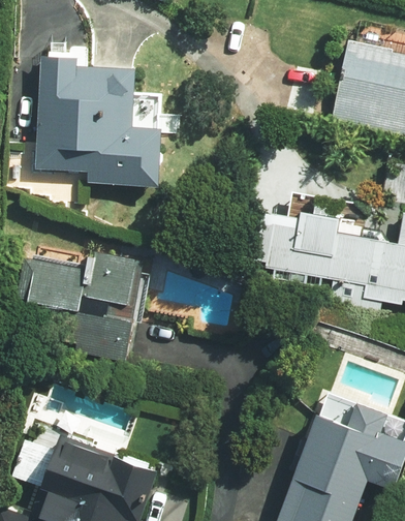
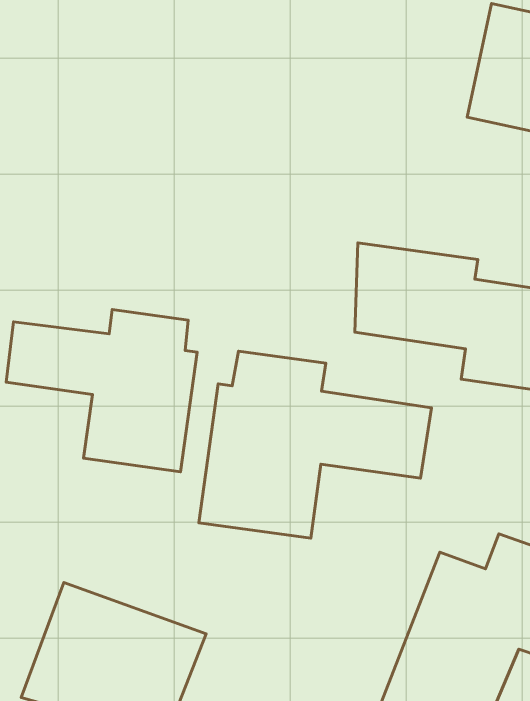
building: [33,57,160,189] -> none
building: none -> [199,351,431,538]

